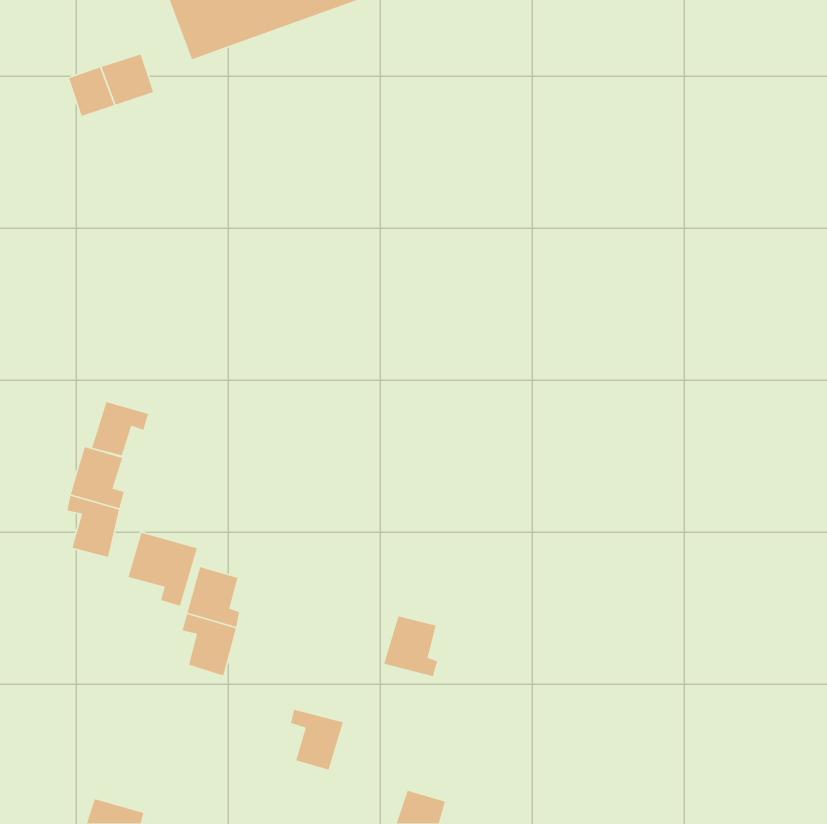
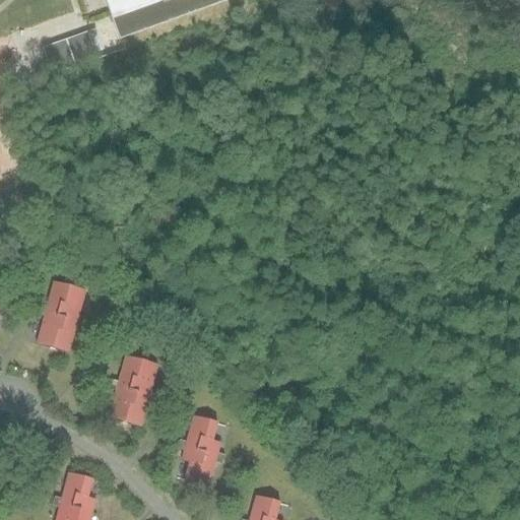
building: [91,401,149,456] -> none
building: [128,532,198,607] -> none
building: [383,615,438,677] -> [185,413,219,452]
building: none -> [60,469,94,509]

